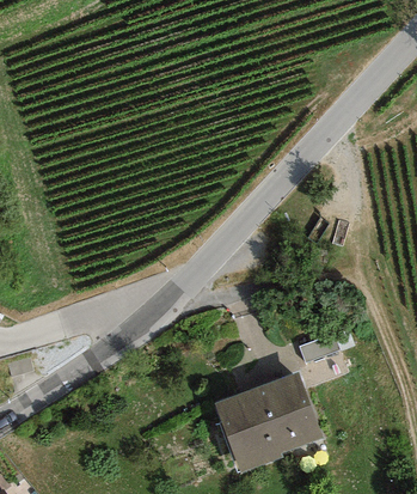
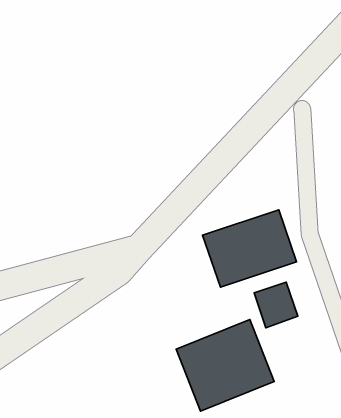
building: none -> [202,210,297,287]

